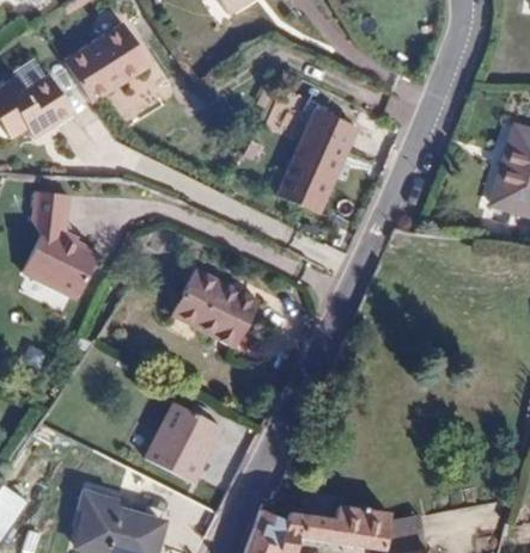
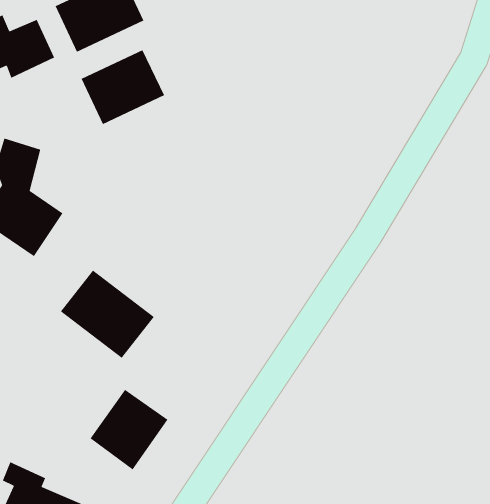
building: none -> [80,49,165,125]
building: [276,109,357,213] -> none
building: [170,268,258,346] -> [60,269,155,359]

